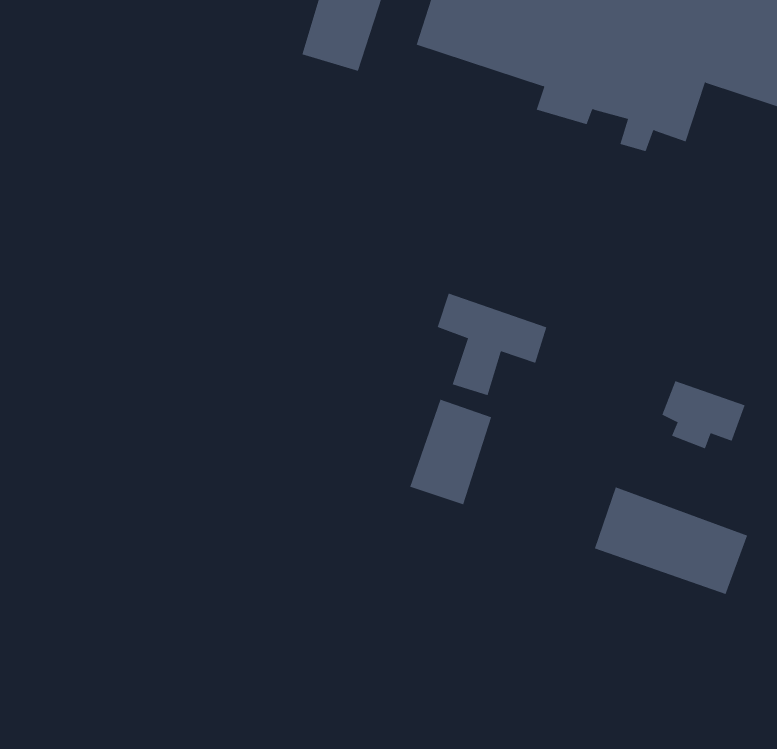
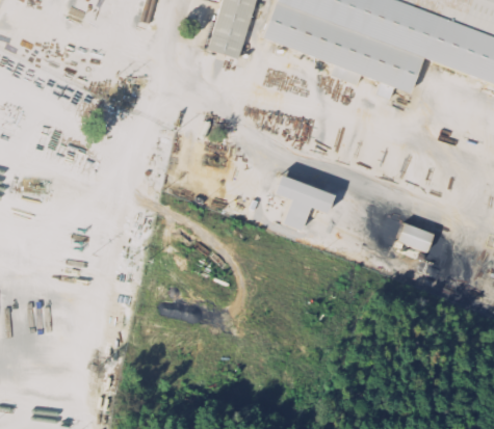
building: [409,399,492,505] -> none
building: [594,487,748,595] -> none

